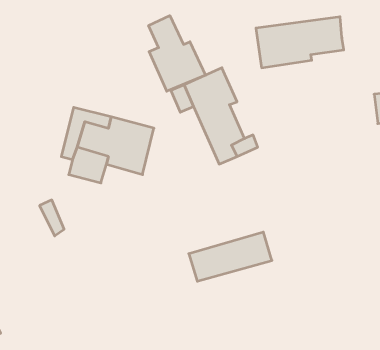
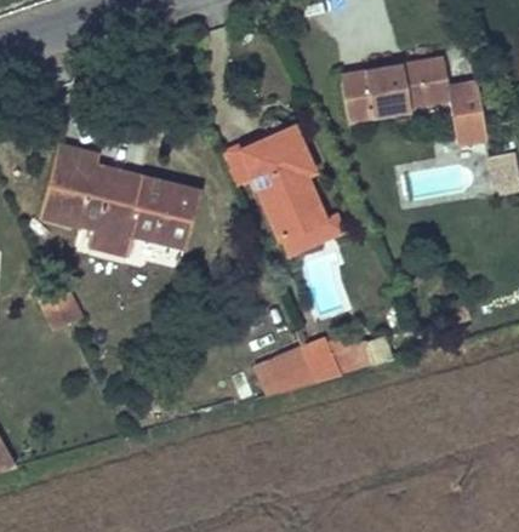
building: [149,16,206,91] -> none
building: none -> [447,79,485,143]
building: none -> [45,156,105,235]

